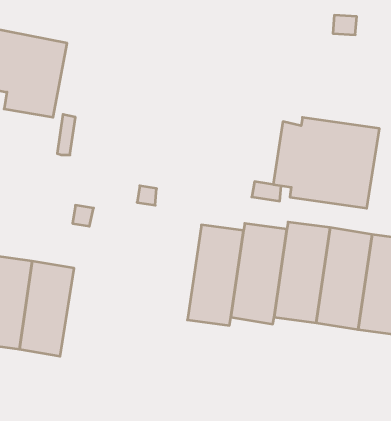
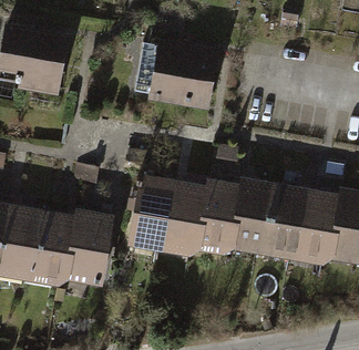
building: [273,117,379,208] -> [135,39,219,111]
building: none -> [130,174,175,255]
building: none -> [63,207,113,289]

